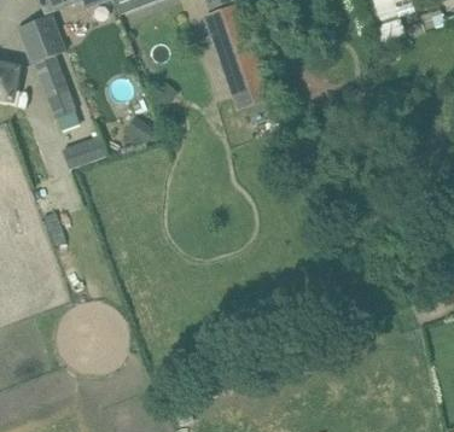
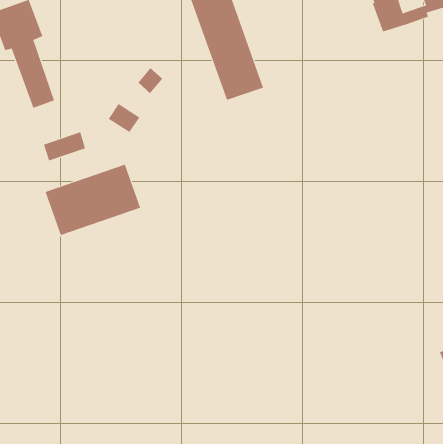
building: none -> [45,164,141,236]

